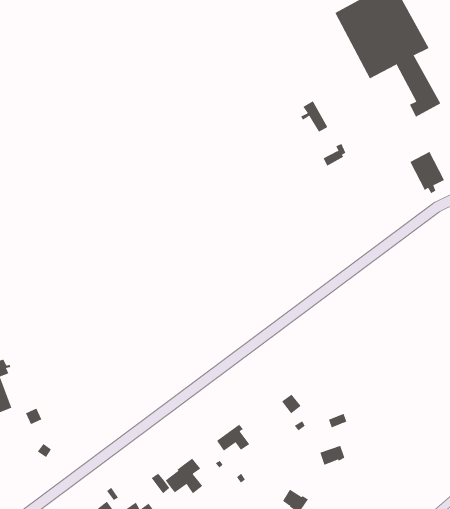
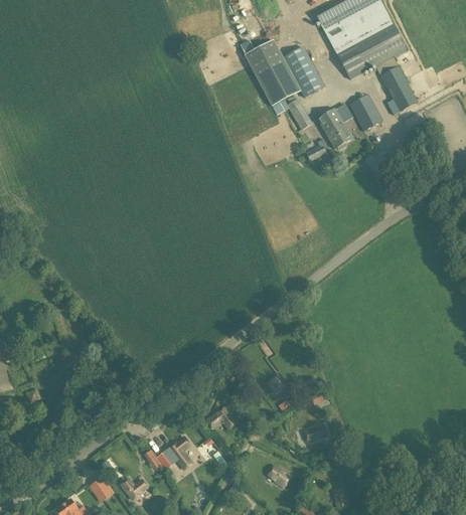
building: none -> [241,39,324,106]
building: none -> [317,109,352,149]
building: [410,151,445,194] -> [349,94,382,134]

